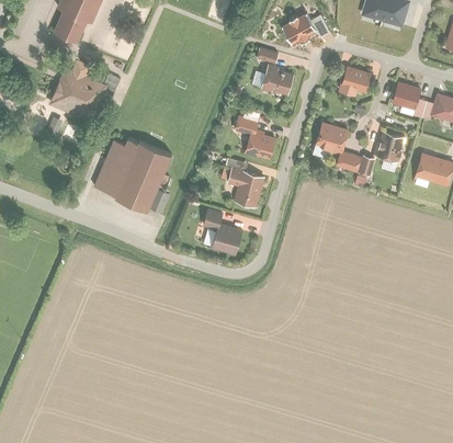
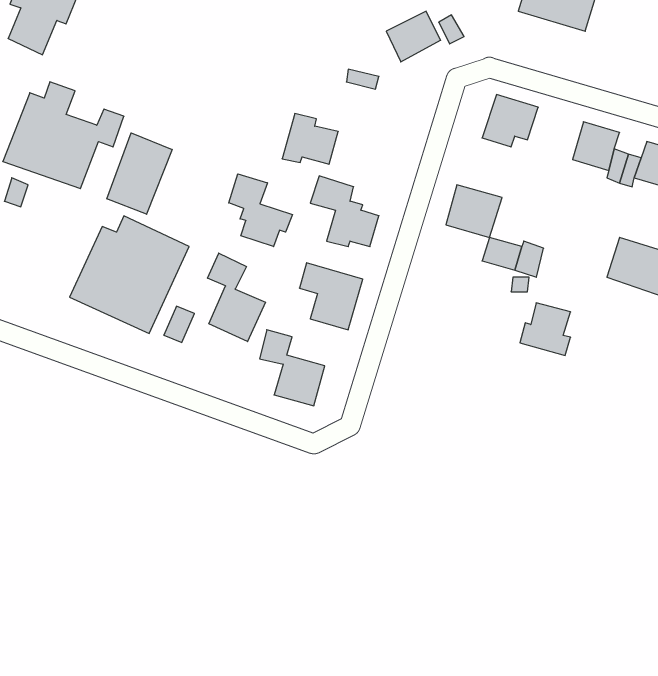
building: [261,63,295,93] -> [282,114,338,164]
building: none -> [107,133,172,214]
building: none -> [229,174,293,247]
building: [374,130,405,162] -> [520,303,571,355]
building: none -> [208,253,265,342]

